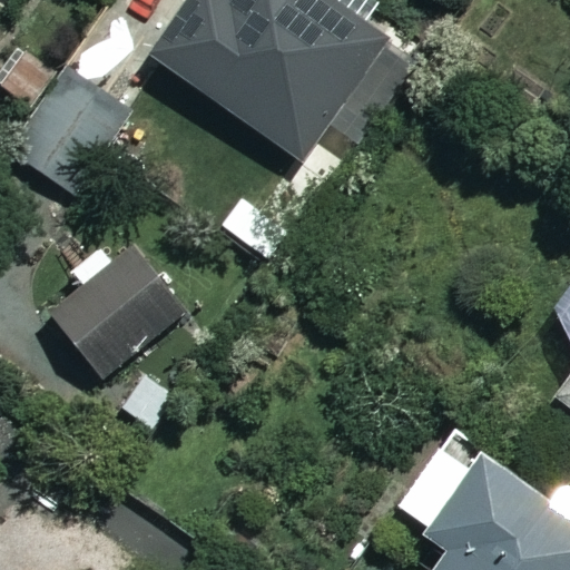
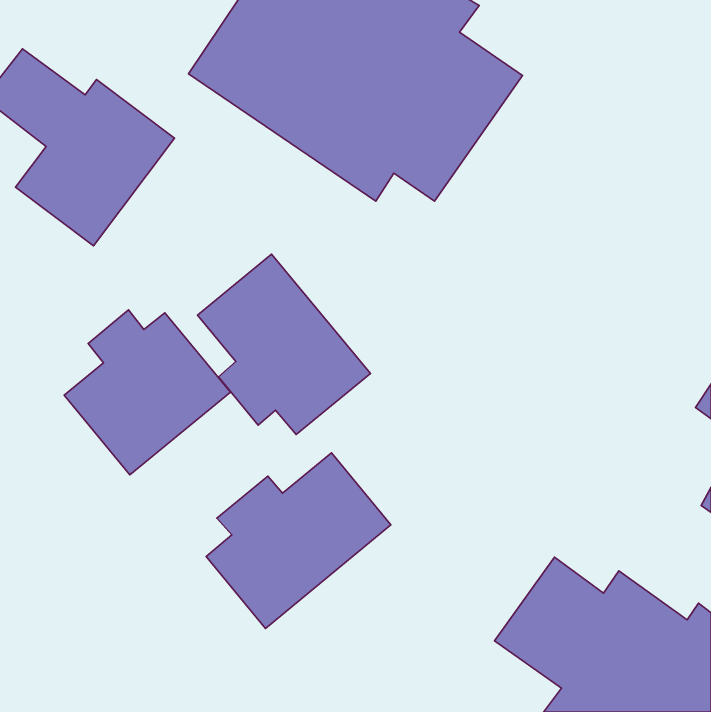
building: none -> [197,254,370,434]
building: none -> [206,453,391,629]

